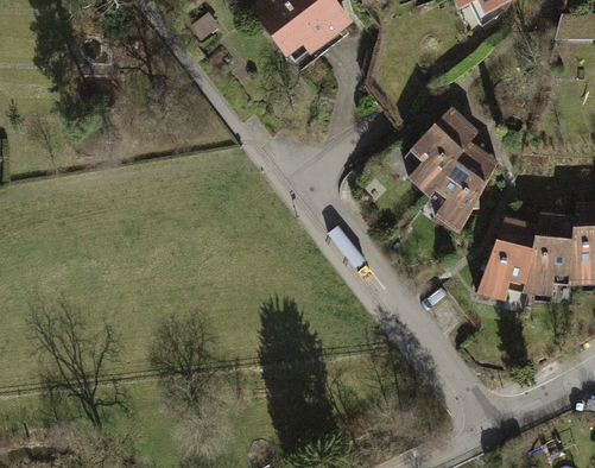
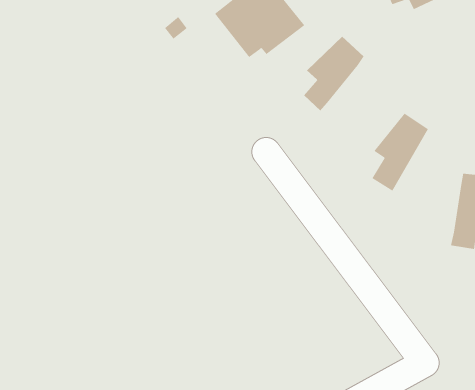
building: [407,105,479,192] -> [303,36,365,111]
building: [477,215,537,302] -> none

